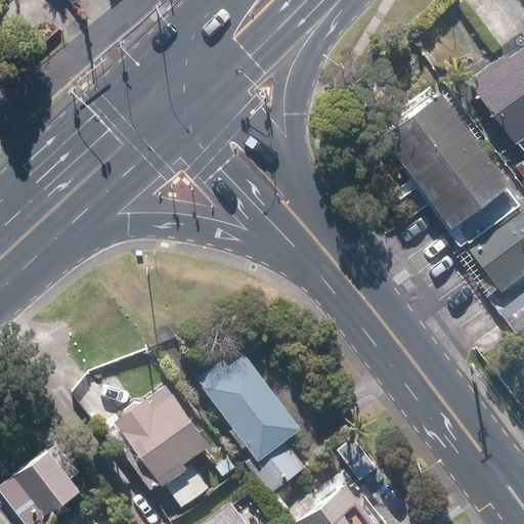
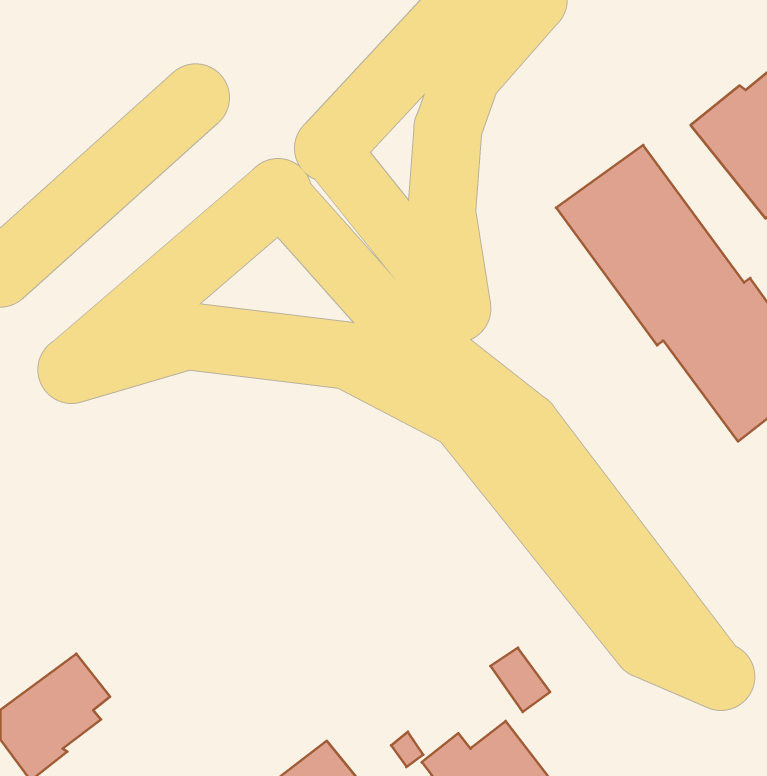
building: [199,354,308,494] -> none
building: [114,384,212,508] -> none

